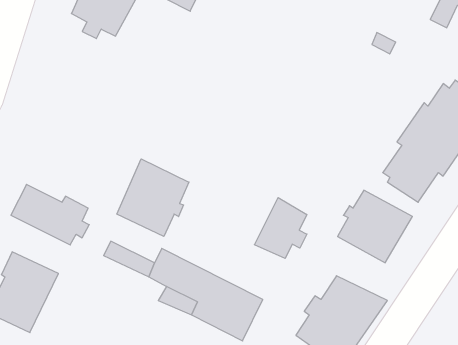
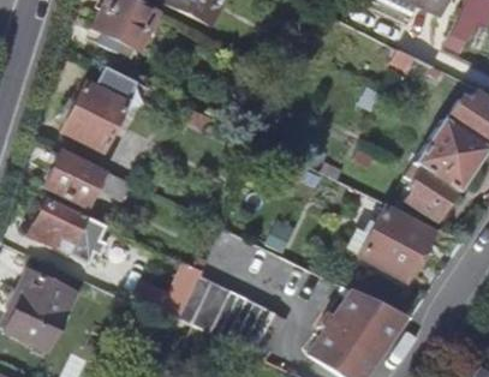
building: none -> [64,82,127,149]
building: none -> [48,154,103,203]
building: [117,159,189,236] -> none
building: [254,198,307,258] -> none

